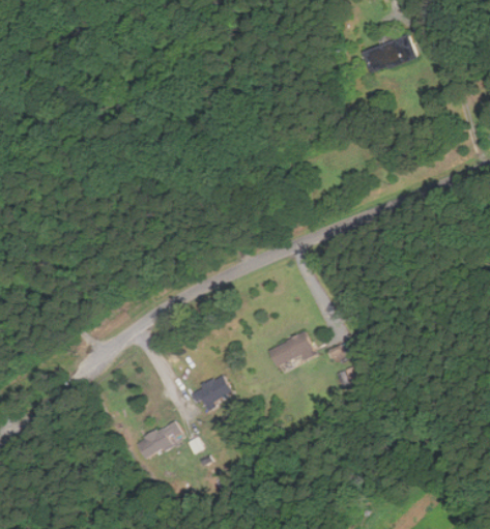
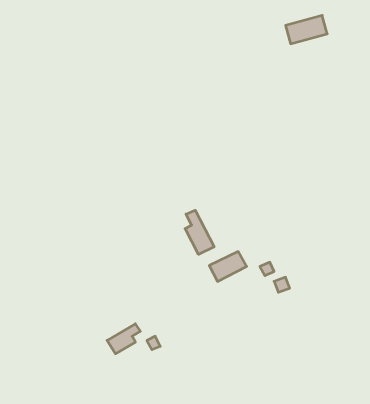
building: none -> [185,210,214,254]
building: [192,374,232,409] -> none

